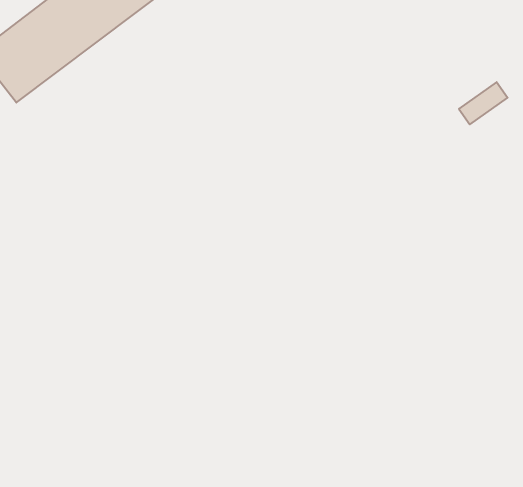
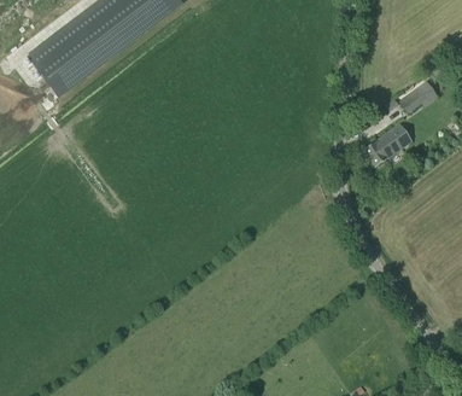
building: none -> [363,122,411,165]

